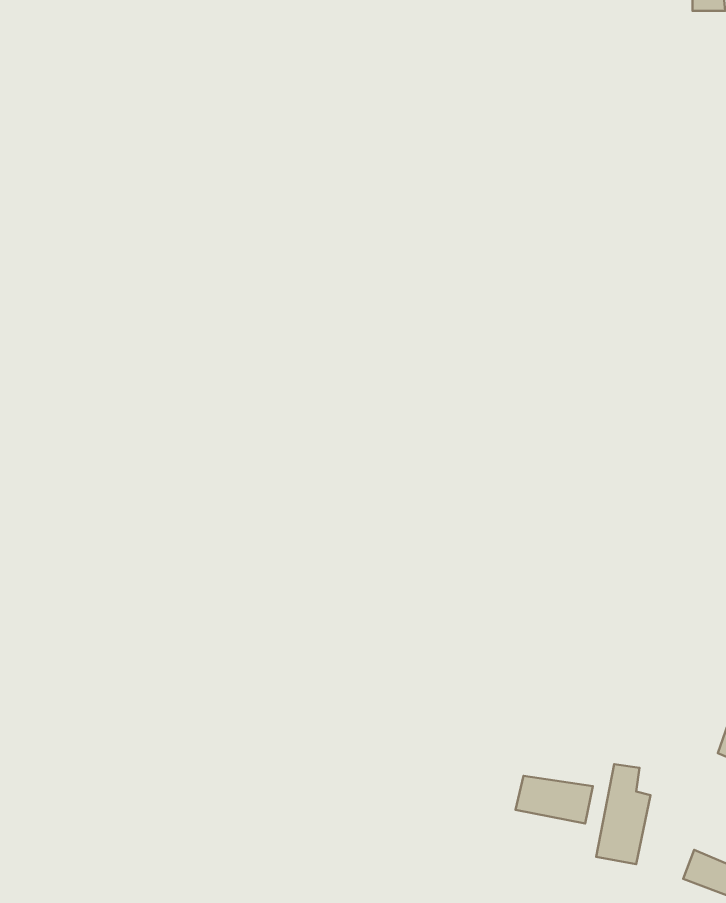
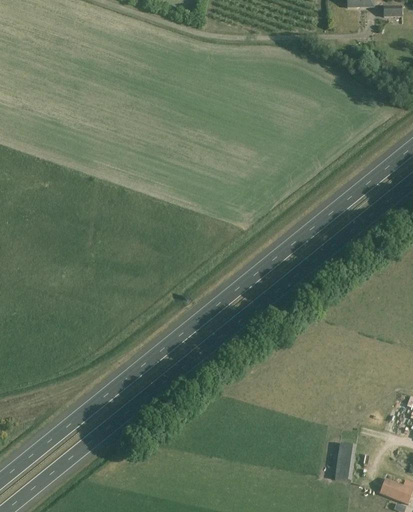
building: [515,776,593,824] -> none

